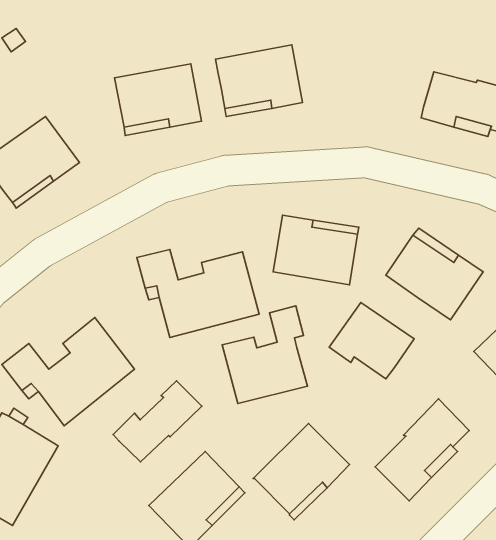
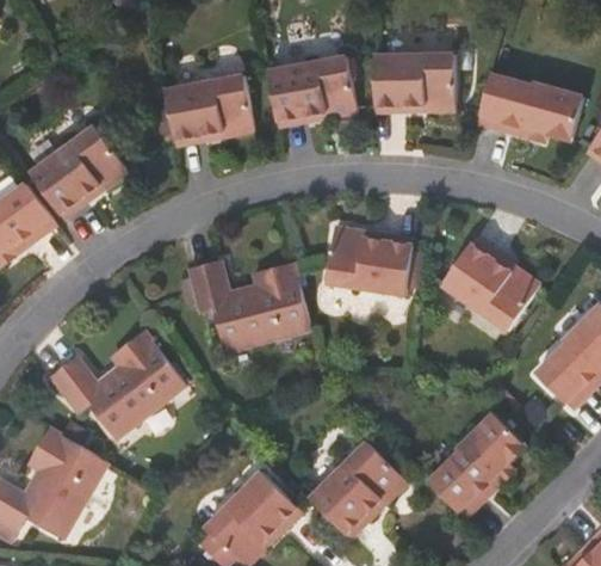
building: none -> [376,53,456,112]
building: [329,303,414,379] -> none
building: [222,306,307,404] -> none
building: [113,381,202,462] -> none

